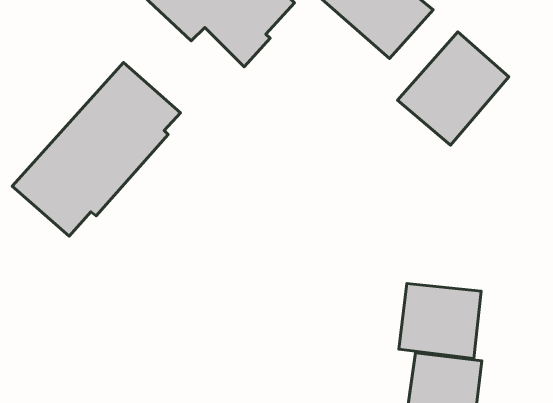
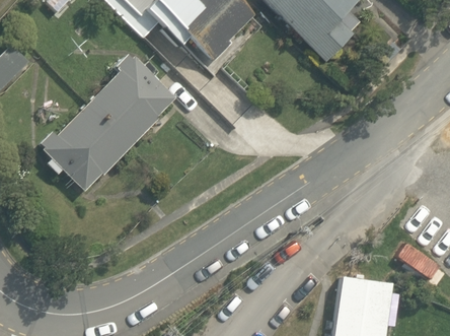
building: [397,32,509,145] -> none
building: [399,284,481,358] -> none

